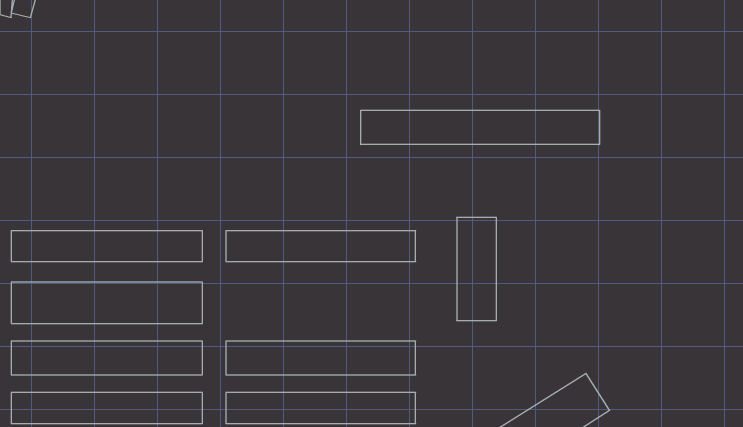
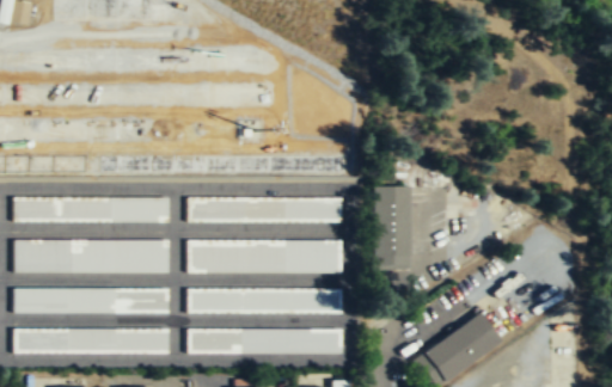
building: [361,110,599,145] -> none
building: none -> [190,239,344,272]

